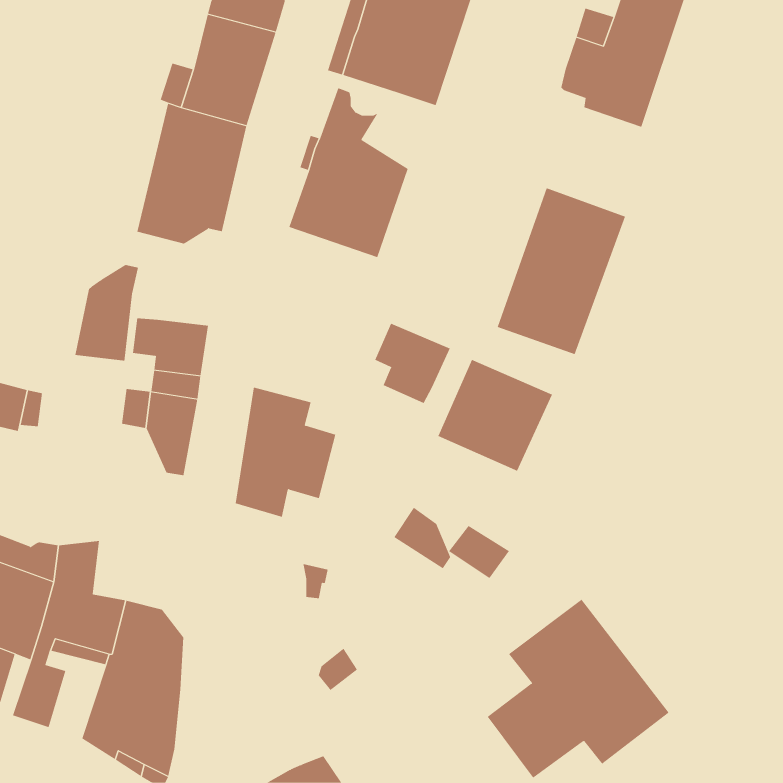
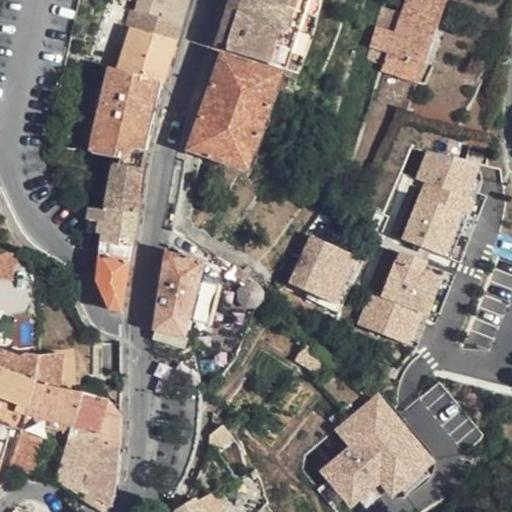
building: none -> [220,53,279,110]
building: [497,187,626,355] -> [397,147,481,256]
building: [74,265,139,361] -> [103,149,145,212]
building: [375,323,451,404] -> none
building: none -> [362,249,442,345]
building: [393,507,451,569] -> none

